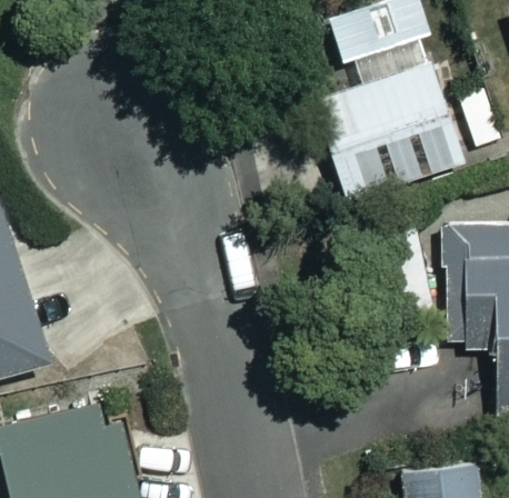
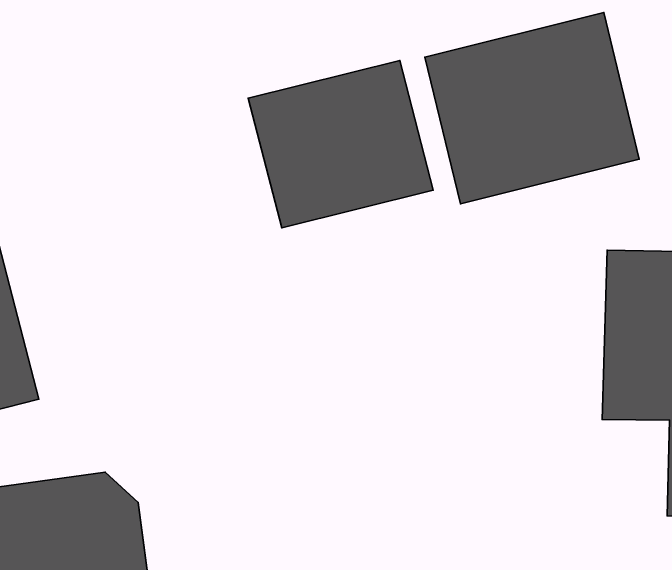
building: none -> [248,60,433,228]

